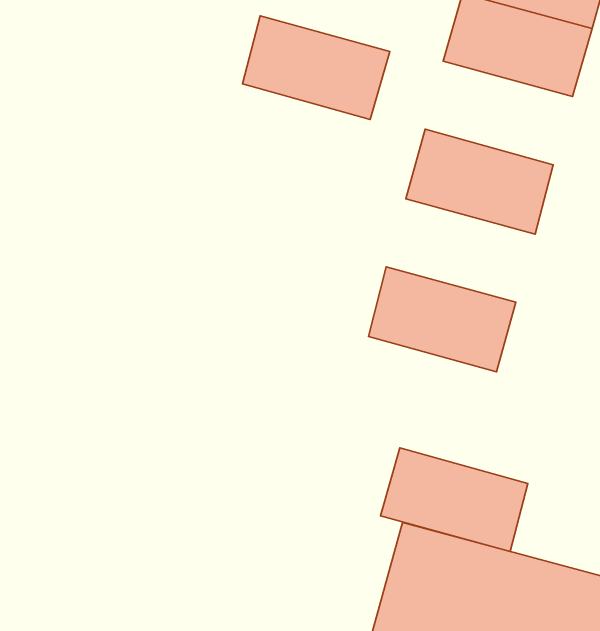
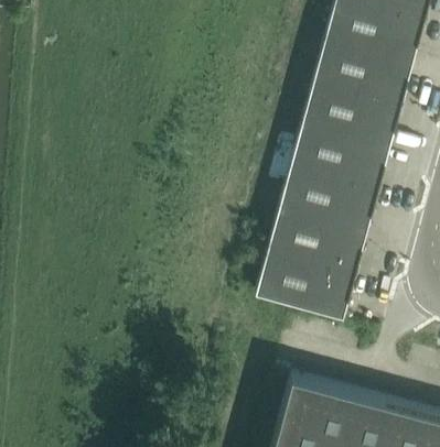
building: [242,16,390,119] -> [308,55,408,126]
building: none -> [281,149,383,219]
building: [380,448,528,551] -> [256,242,356,313]

